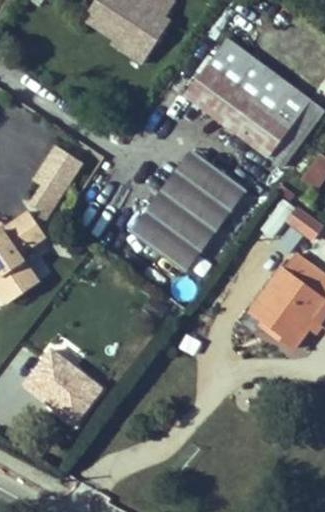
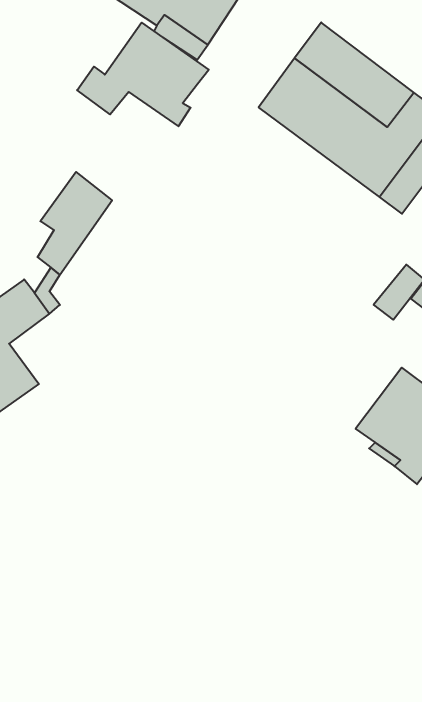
building: none -> [77,23,209,126]
building: [134,152,241,267] -> none
building: [21,345,106,427] -> none

